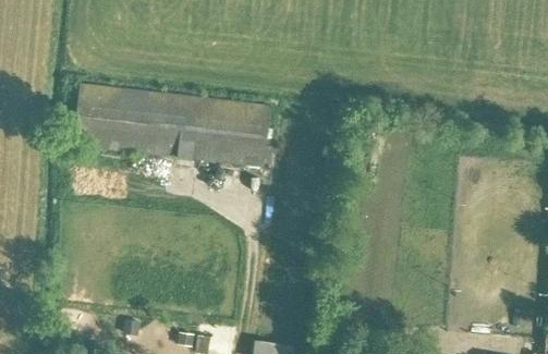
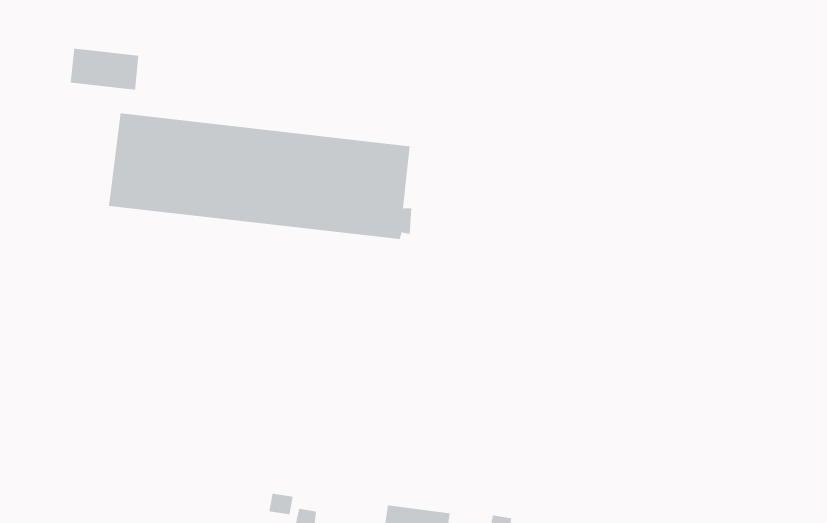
building: none -> [70,48,139,91]

